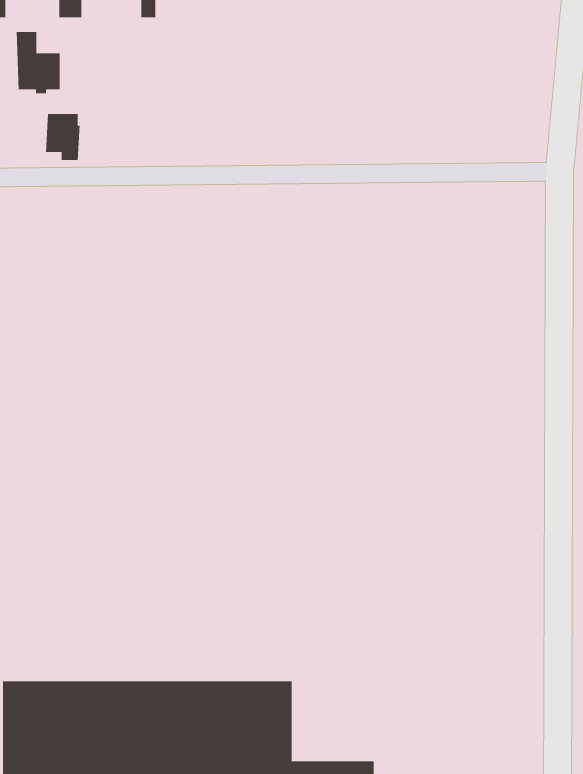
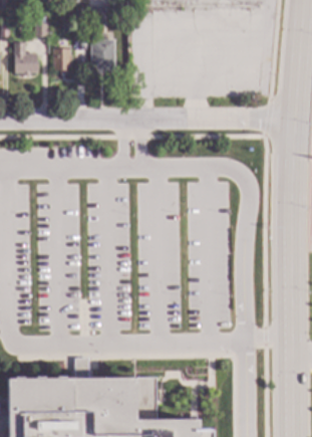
building: none -> [91,40,114,73]
building: [45,114,80,160] -> [53,49,71,73]

